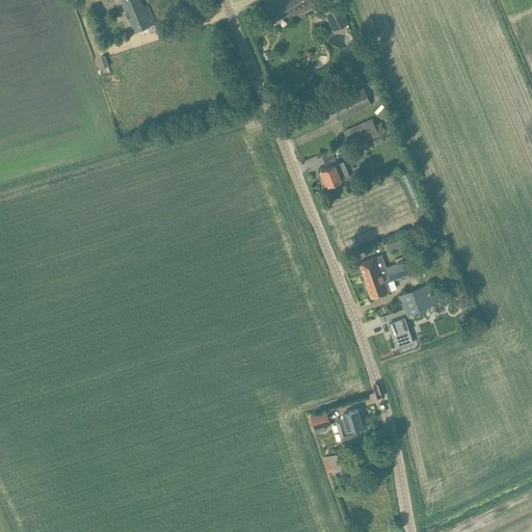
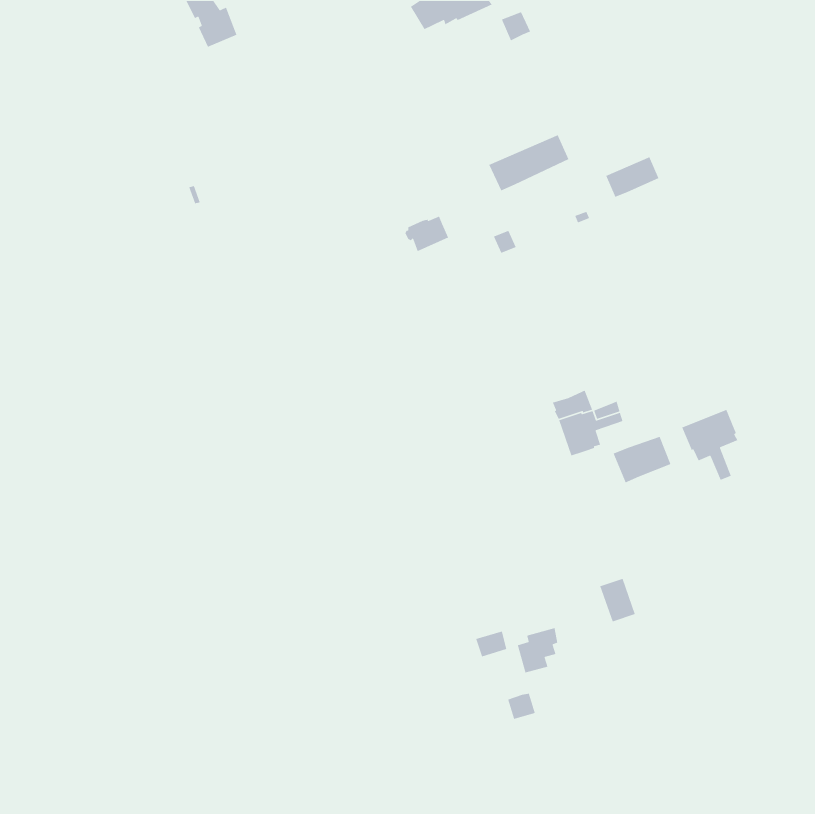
building: [344,121,379,148] -> [605,156,660,198]
building: [320,163,349,187] -> [404,216,449,252]
building: none -> [681,409,739,481]
building: [390,318,414,347] -> [599,578,636,622]

